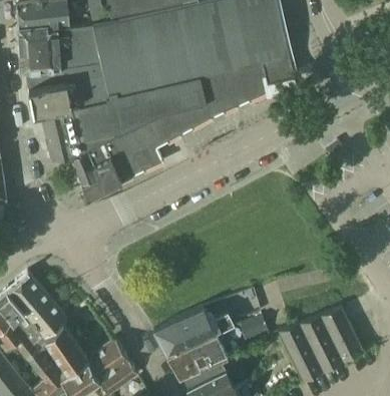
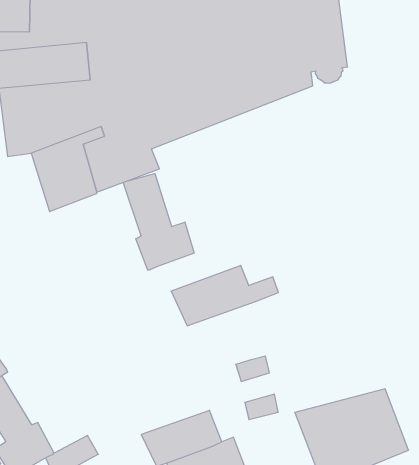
building: none -> [123,174,194,270]
building: [153,308,232,355] -> [171,266,278,326]
building: [91,338,128,374] -> none

